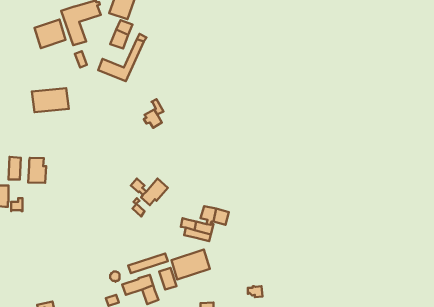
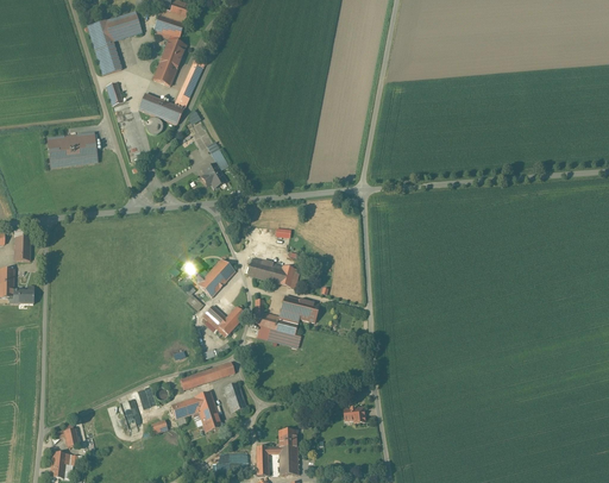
building: [34,20,66,48] -> none
building: [28,158,46,183] -> none
building: none -> [252,261,299,289]
building: none -> [202,306,245,338]
building: [171,249,210,280] -> none

